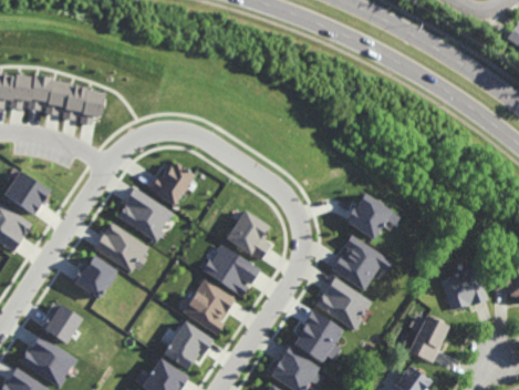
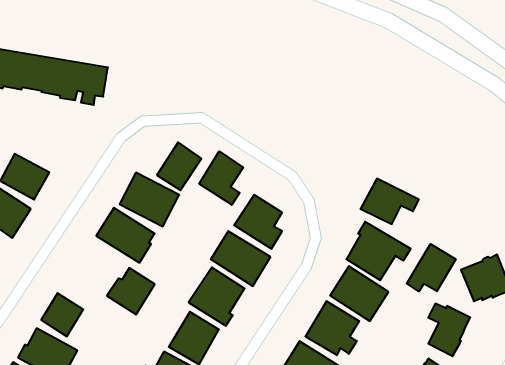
building: none -> [199,151,243,205]
building: [72,255,117,299] -> [107,268,155,315]
building: none -> [407,244,456,291]

